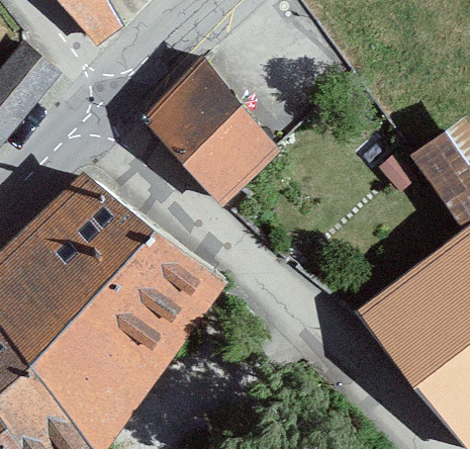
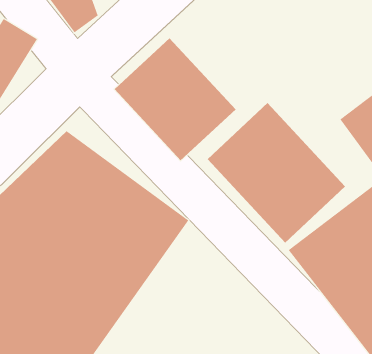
building: none -> [207,102,346,244]

